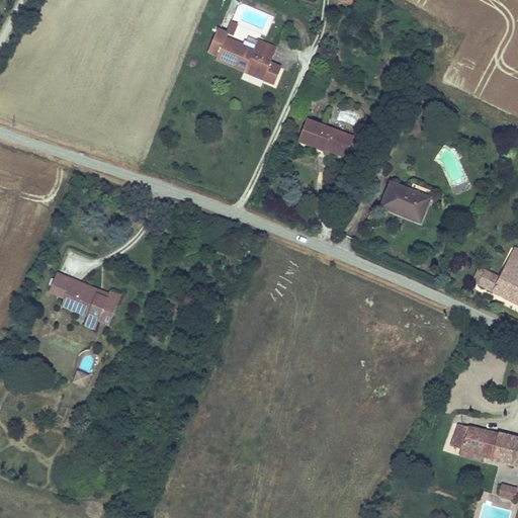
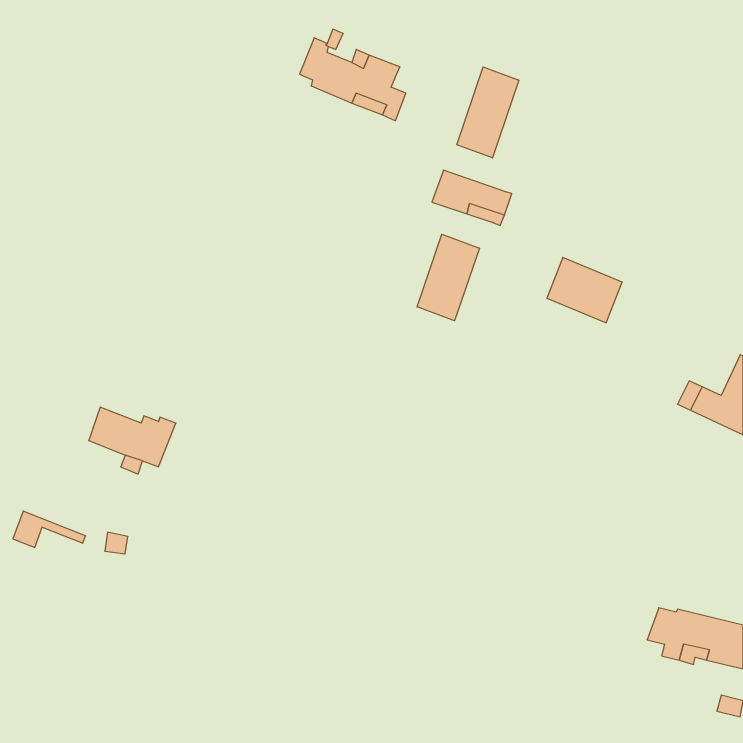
building: none -> [457,67,519,158]
building: none -> [417,234,479,321]
building: [50,272,100,297] -> [13,511,86,547]

